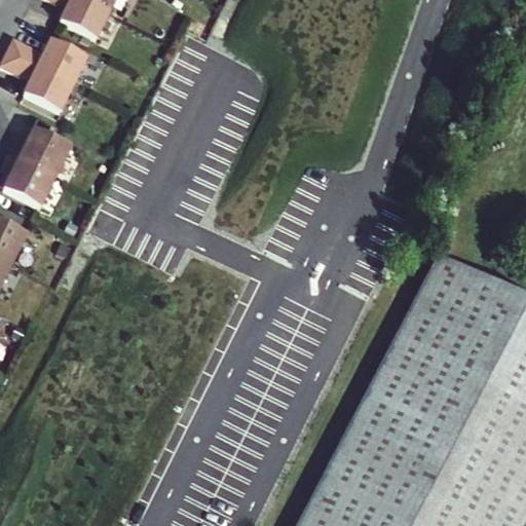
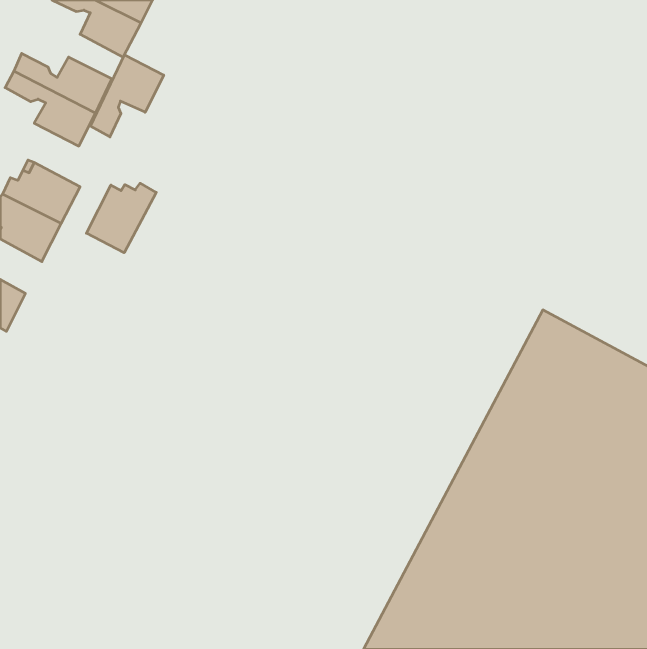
building: none -> [90,55,164,137]
building: none -> [86,183,156,253]

